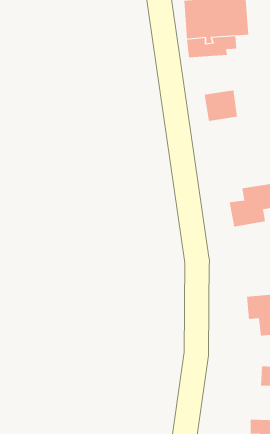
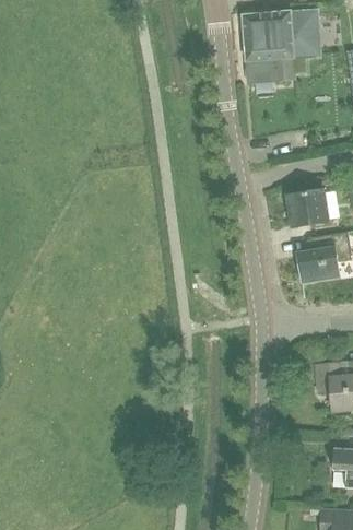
building: [204,90,238,121] -> [287,189,328,226]

